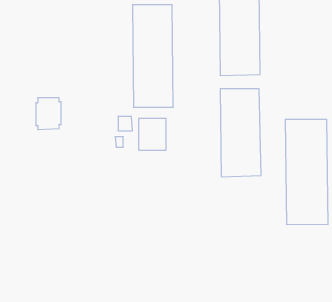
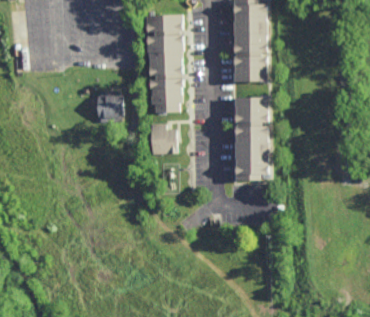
building: [36,98,61,130] -> [99,91,124,122]
building: [286,119,328,225] -> none

